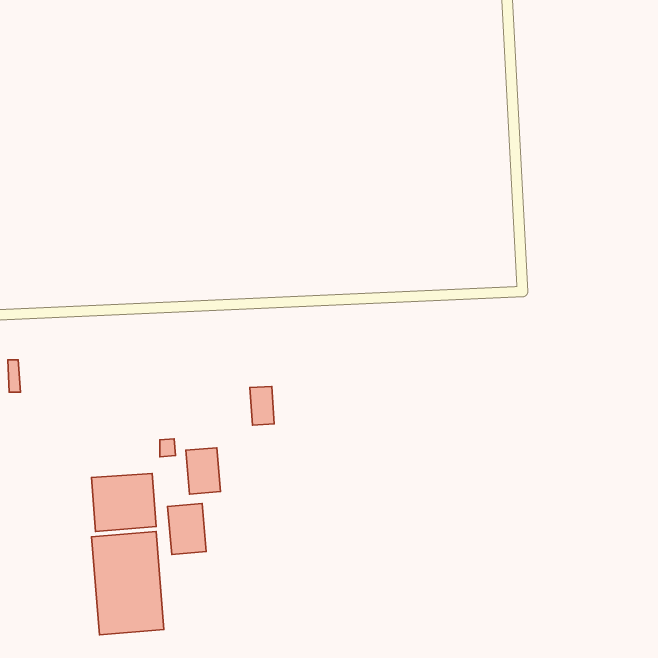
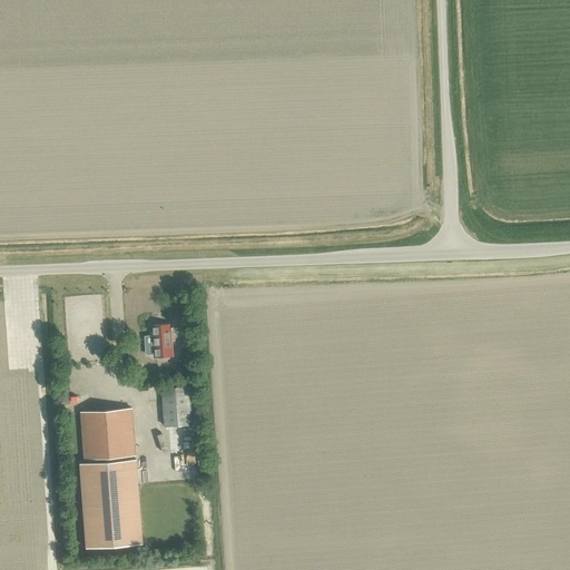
building: [250,386,274,425] -> [150,325,171,358]
building: [168,503,206,555] -> none

